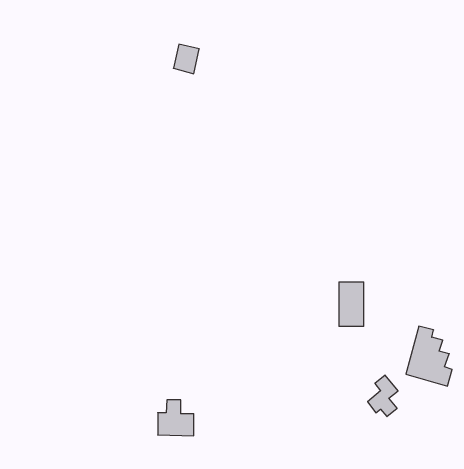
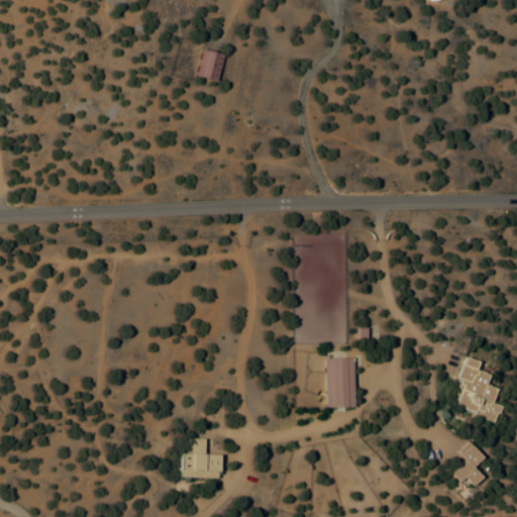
building: [339,282,364,326] -> [328,357,355,406]
building: [368,375,398,417] -> [452,441,486,487]

